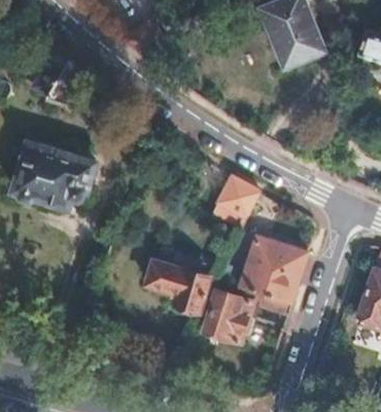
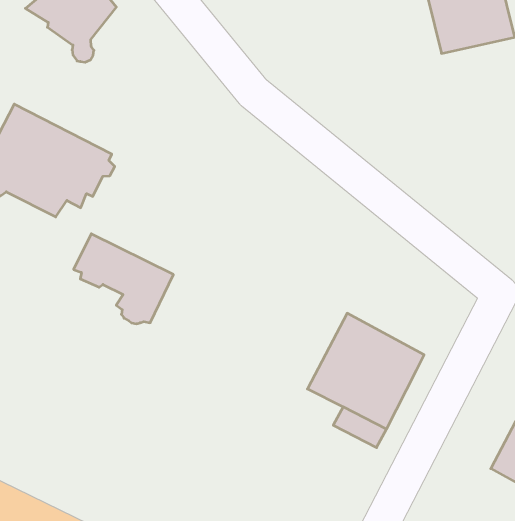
building: [213,178,259,229] -> none
building: [144,262,206,312] -> [74,234,173,324]
building: [205,289,253,343] -> none

